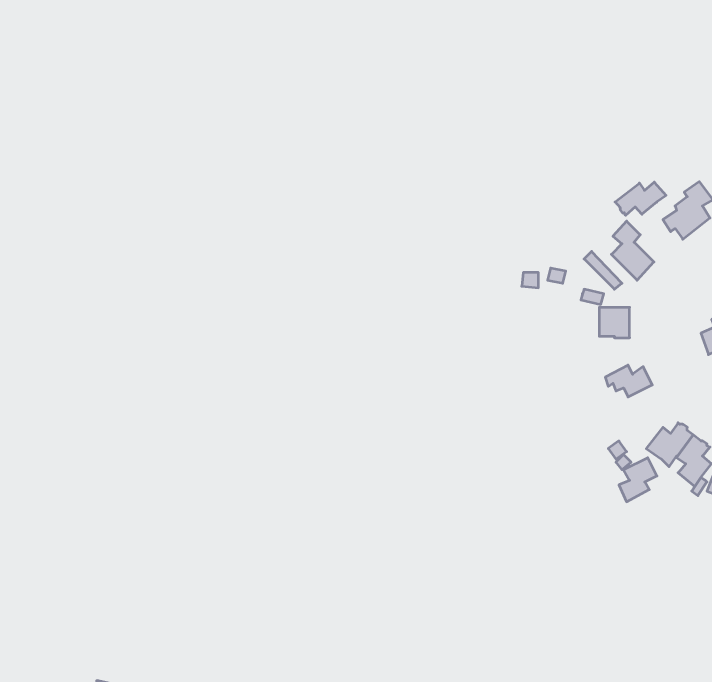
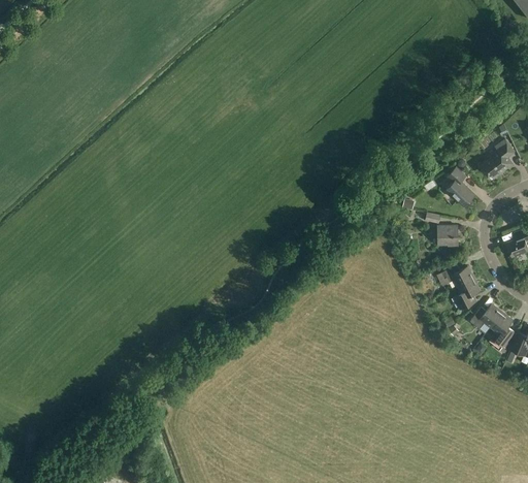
building: [615,182,666,215] -> none
building: [619,458,657,502] -> [454,278,480,308]

